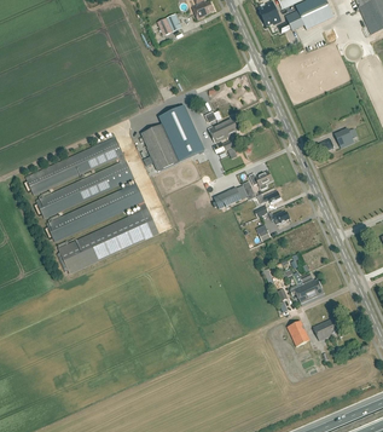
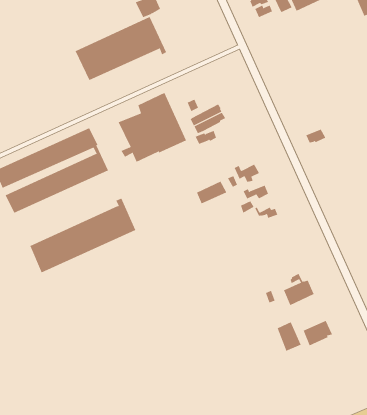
building: none -> [75,16,167,81]
building: [46,182,143,240] -> none

